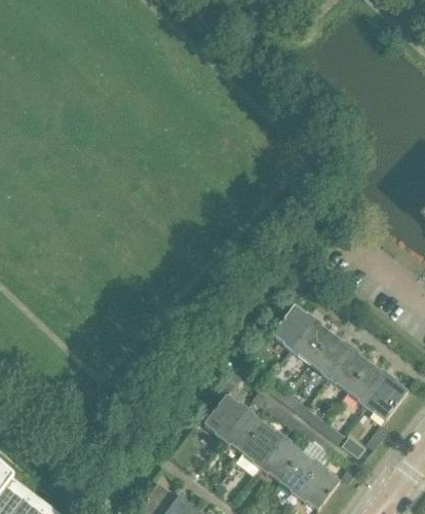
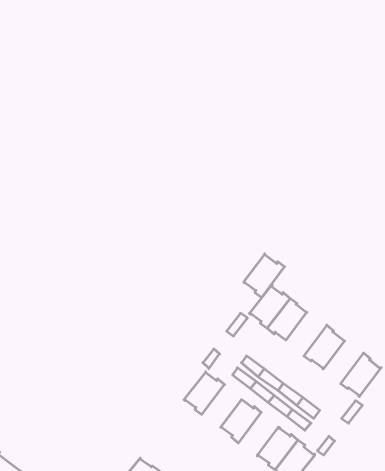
building: [309,333,351,378] -> [244,254,285,297]
building: [348,363,389,407] -> none
building: [222,408,263,452] -> none
building: [260,437,301,481] -> none

